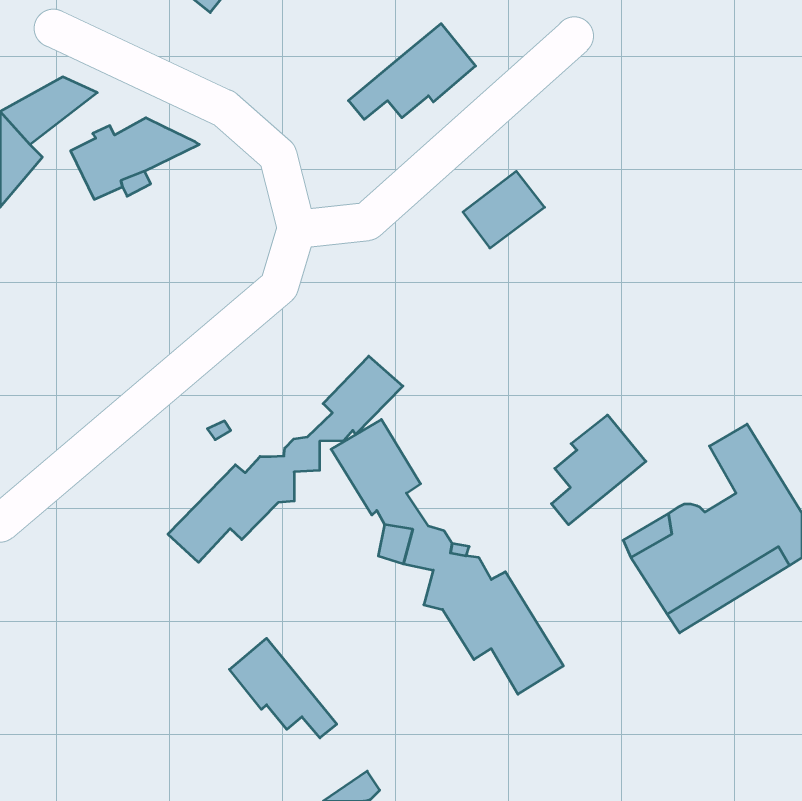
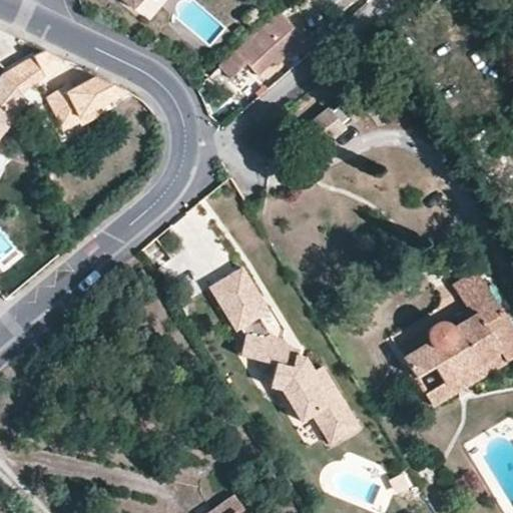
building: [168,356,403,562] -> none
building: [551,415,646,525] -> none
building: [229,638,337,738] -> none

